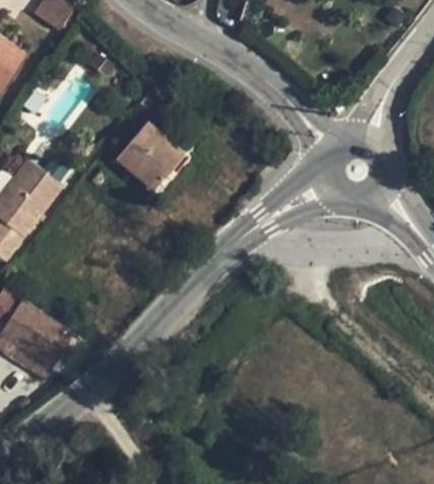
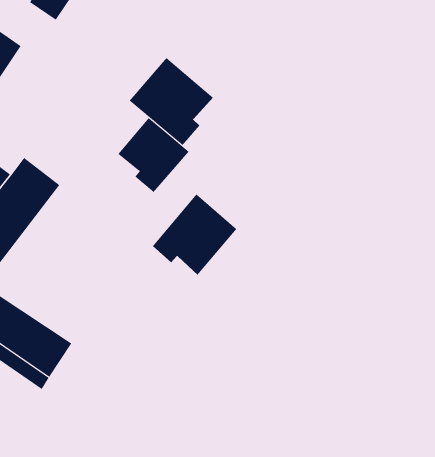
building: none -> [129,57,214,146]
building: none -> [152,194,237,275]

